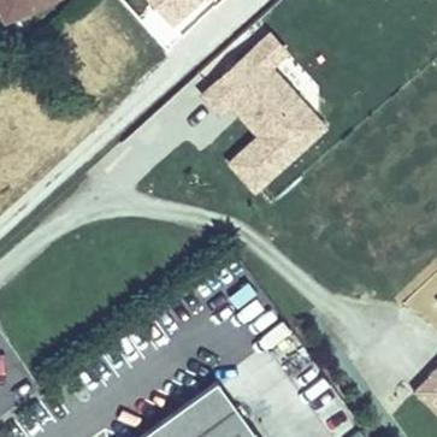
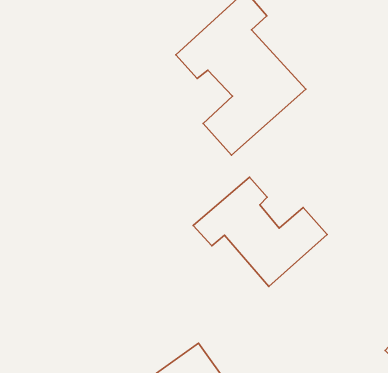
building: none -> [193,177,327,287]

